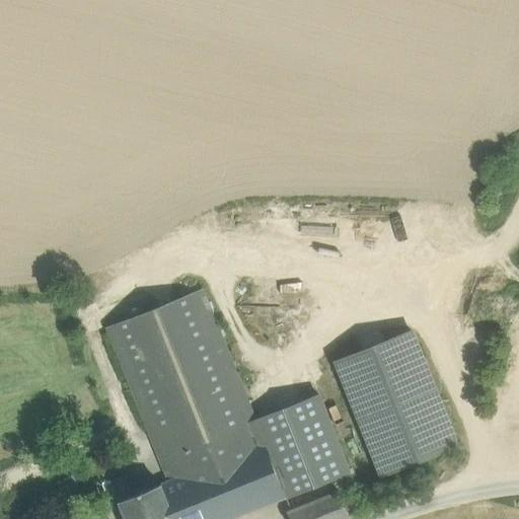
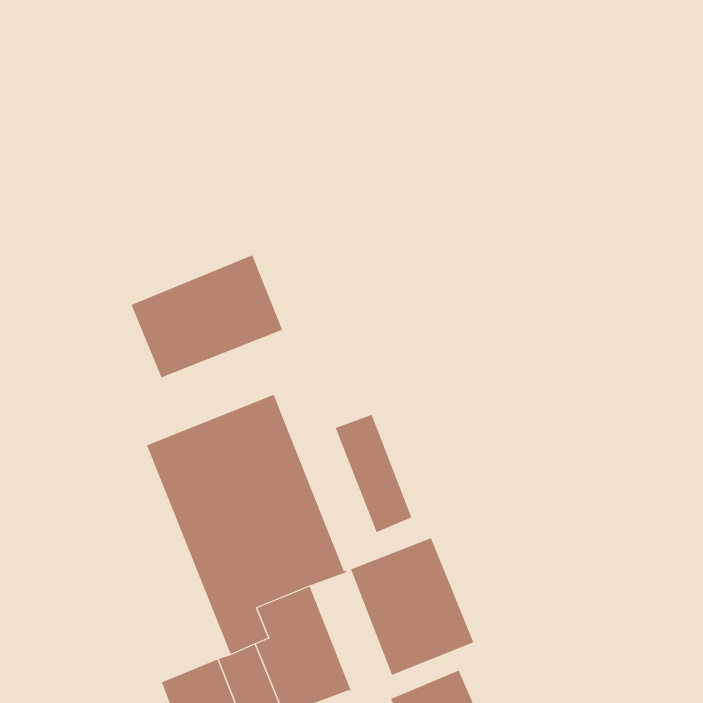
building: none -> [131,255,283,378]
building: [337,332,457,477] -> none
building: [228,422,285,509] -> [335,414,412,533]

